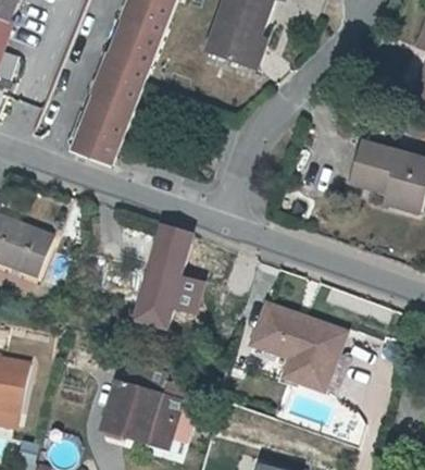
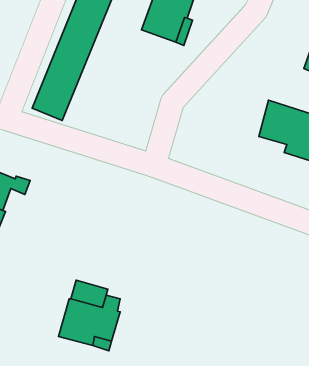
building: [134,223,199,327] -> none
building: [255,301,345,389] -> none

